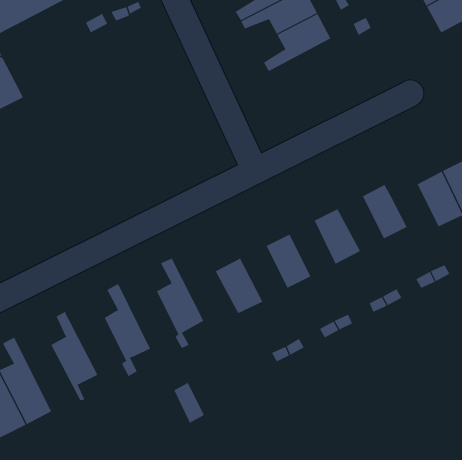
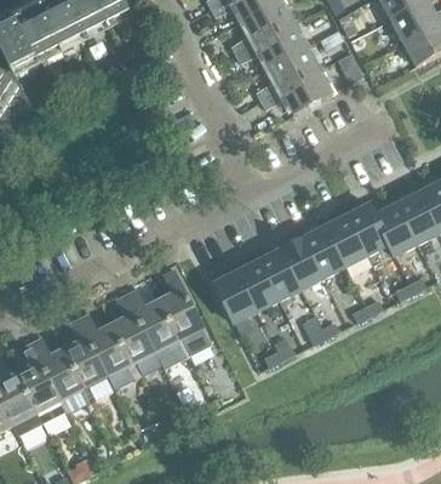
building: none -> [262,72,331,114]
building: none -> [373,204,416,255]
building: none -> [325,215,366,264]
building: none -> [281,237,322,287]
building: none -> [236,260,279,311]
building: none -> [126,289,179,353]
building: none -> [78,313,132,385]
building: none -> [31,337,91,412]

